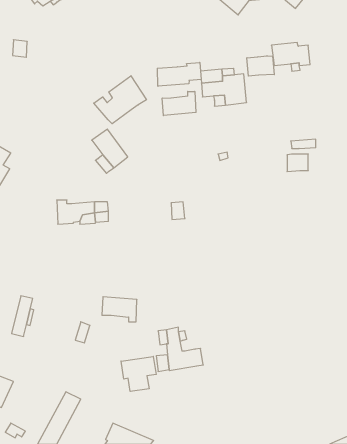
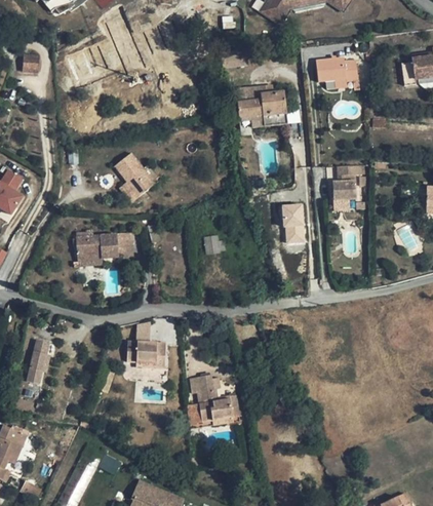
building: [247,56,274,76] -> none
building: [157,62,201,86] -> none
building: [94,76,146,124] -> none
building: [162,91,196,116] -> none
building: none -> [282,202,304,242]
building: [121,356,156,391] -> none

